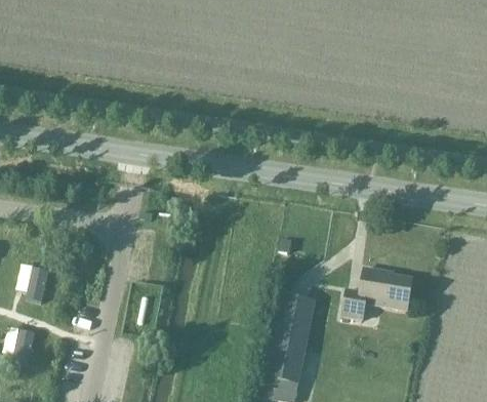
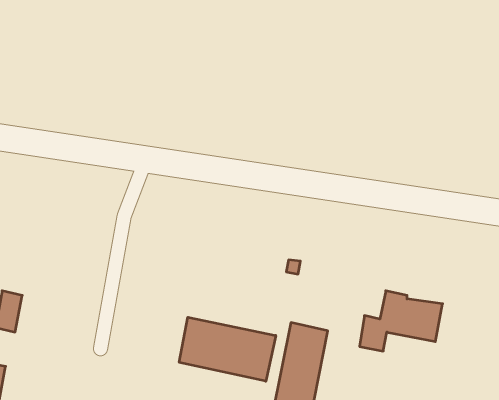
building: none -> [179,317,276,381]

